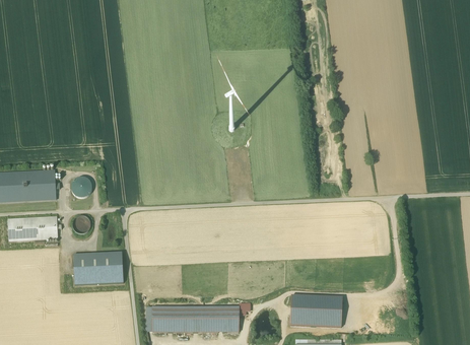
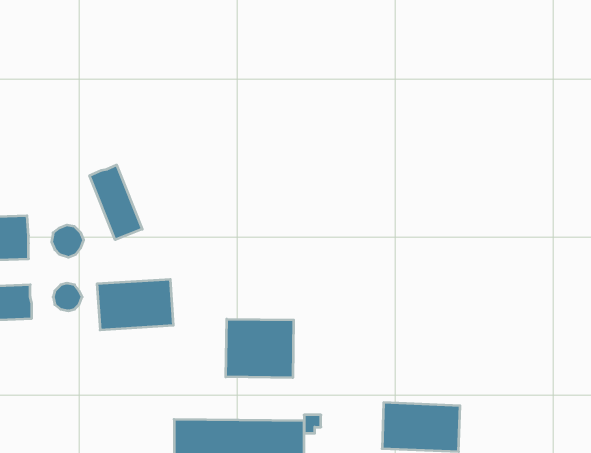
building: none -> [90,165,142,240]
building: none -> [226,319,294,378]
building: [72,252,123,285] -> [97,279,173,330]

